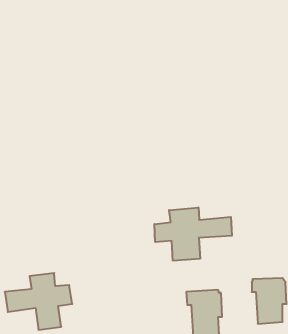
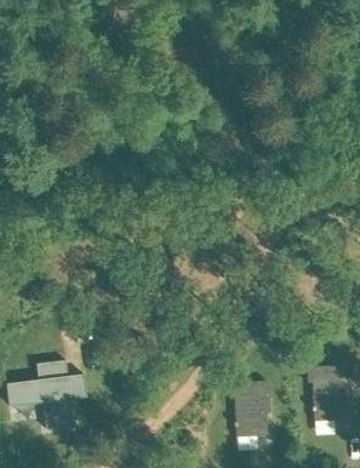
building: [154,207,232,261] -> none

